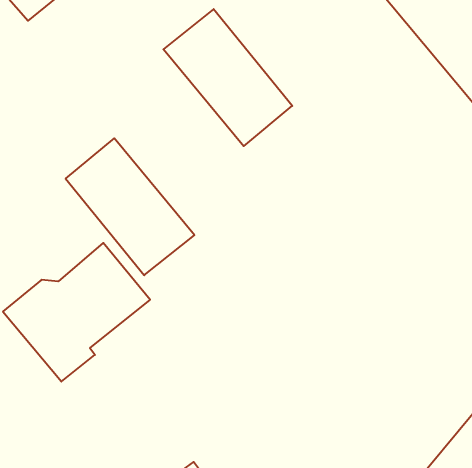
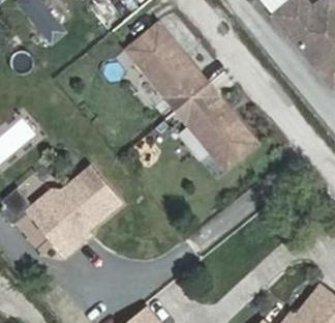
building: [66,138,194,275] -> [178,87,257,172]

